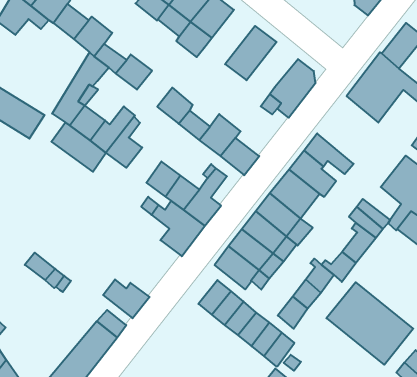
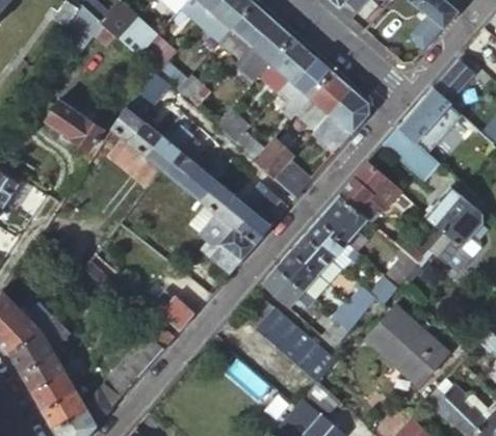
building: none -> [262,38,313,90]
building: none -> [298,72,353,116]
building: none -> [383,128,438,181]
building: none -> [181,156,230,200]

